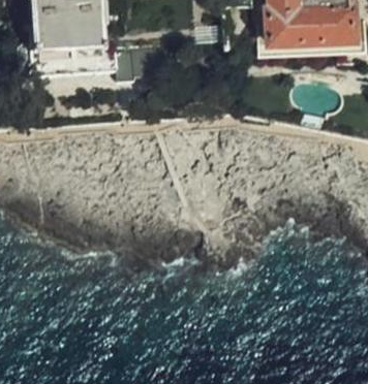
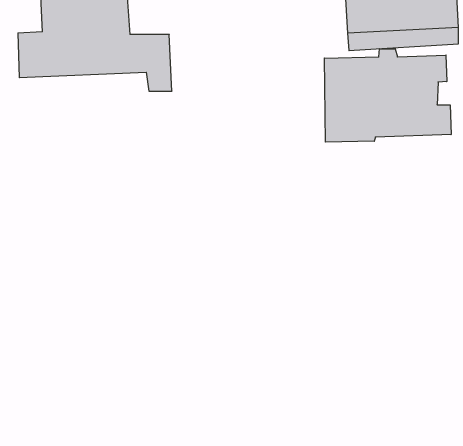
building: none -> [324,49,451,142]

